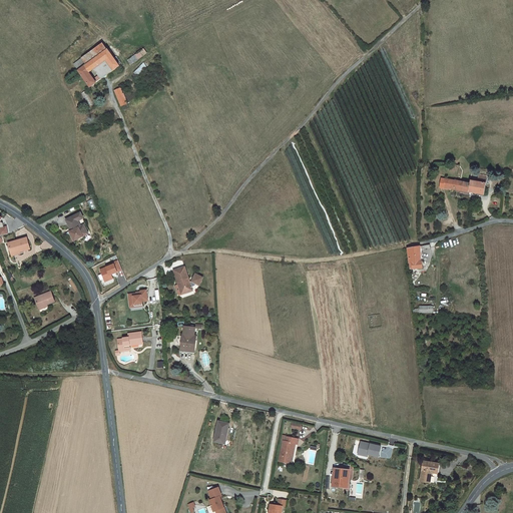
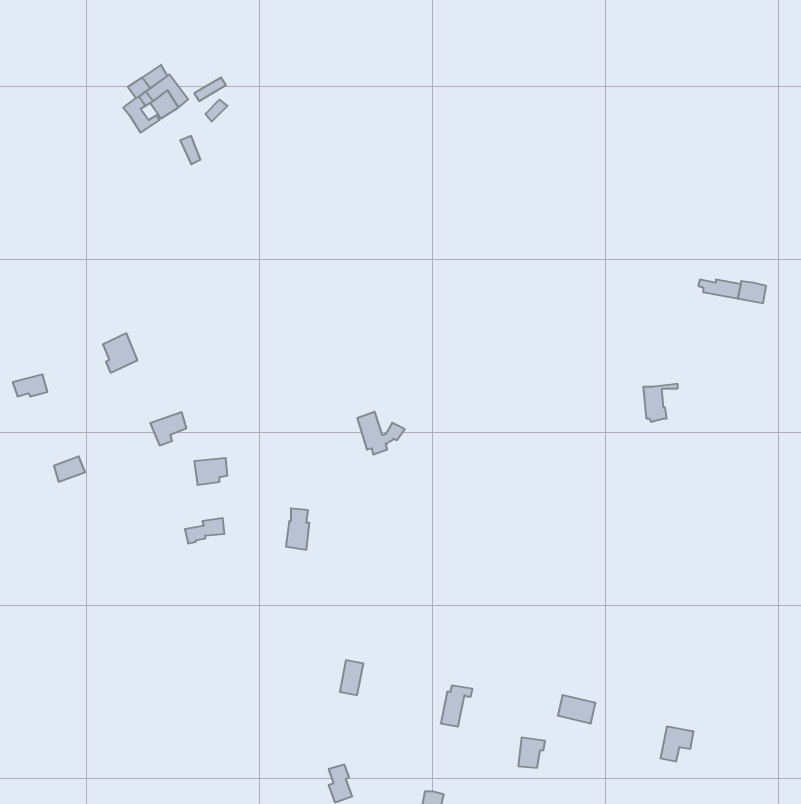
building: [173,265,203,292] -> [357,412,405,454]

